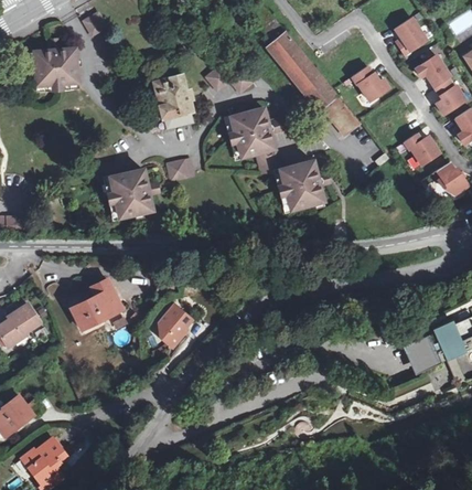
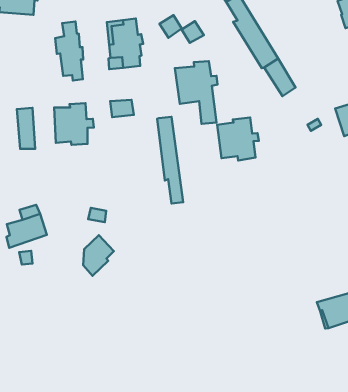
building: [347,64,388,104] -> none
building: none -> [55,22,83,80]
building: none -> [157,117,183,204]
building: none -> [17,108,35,149]

